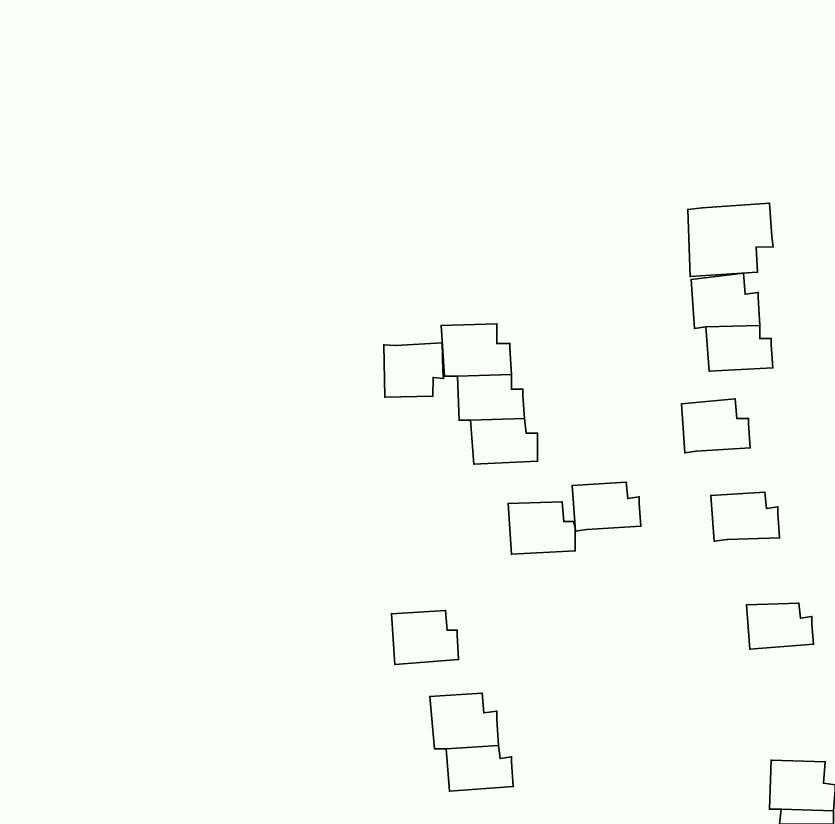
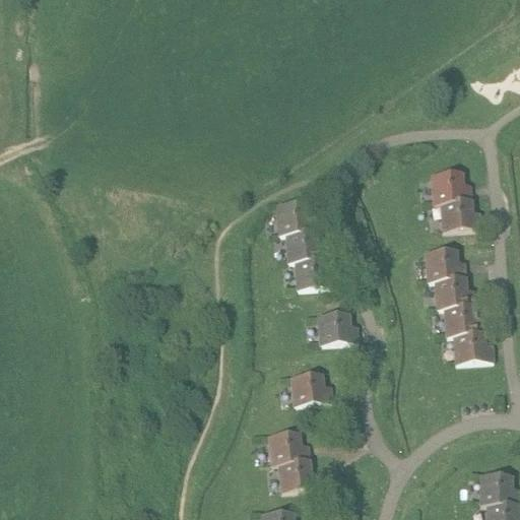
building: [688,203,773,277] -> none
building: [384,343,443,397] -> none
building: [572,482,641,531] -> [433,278,475,309]
building: [747,603,814,649] -> [452,334,494,363]
building: [392,610,459,664] -> [289,372,331,405]

